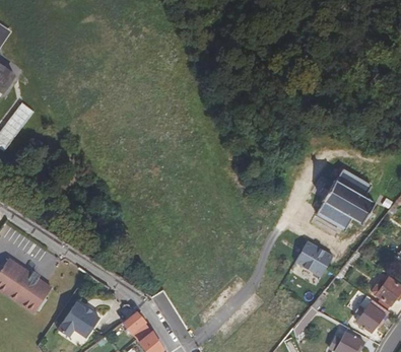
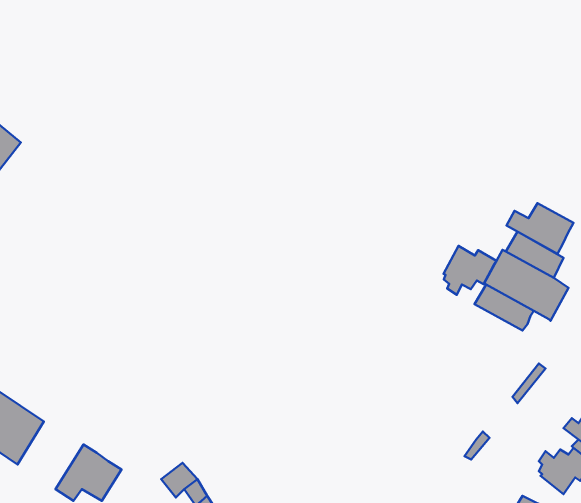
building: none -> [506,203,574,254]
building: none -> [444,246,497,295]
building: [296,241,334,276] -> none

